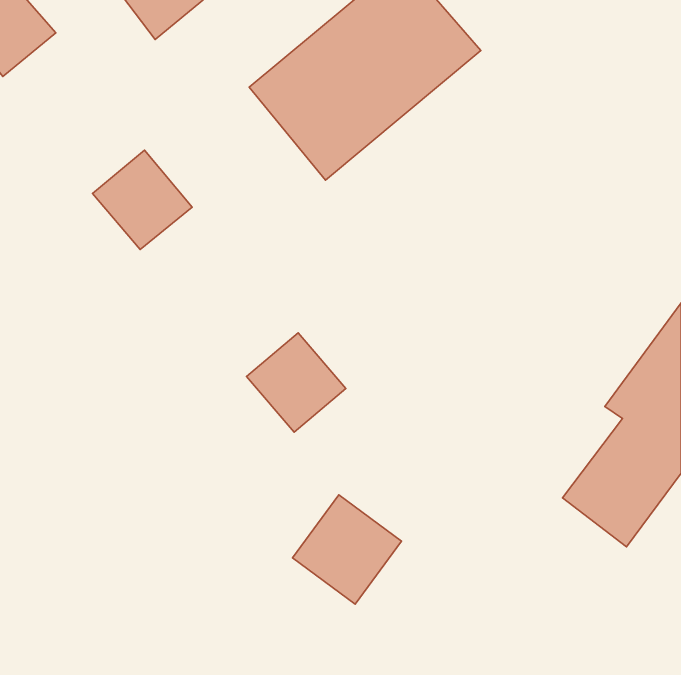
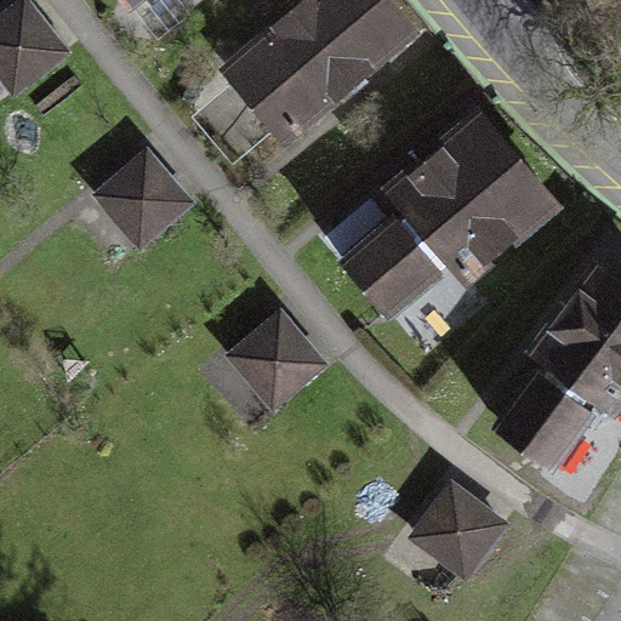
building: none -> [347,137,572,334]
building: [293,495,402,604] -> [397,462,494,559]

